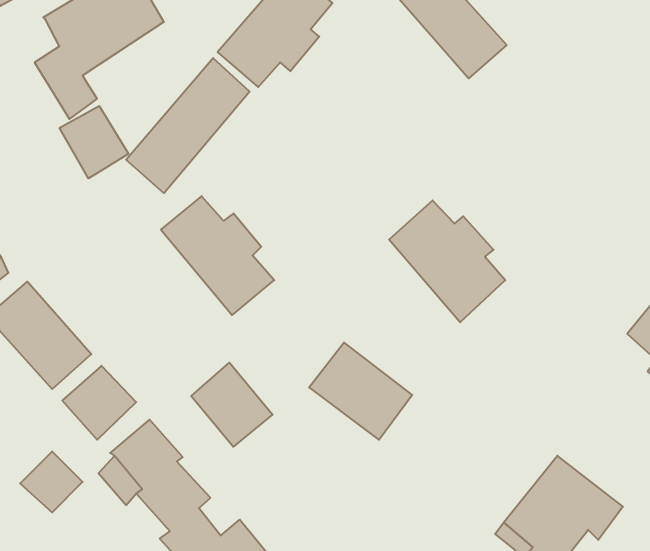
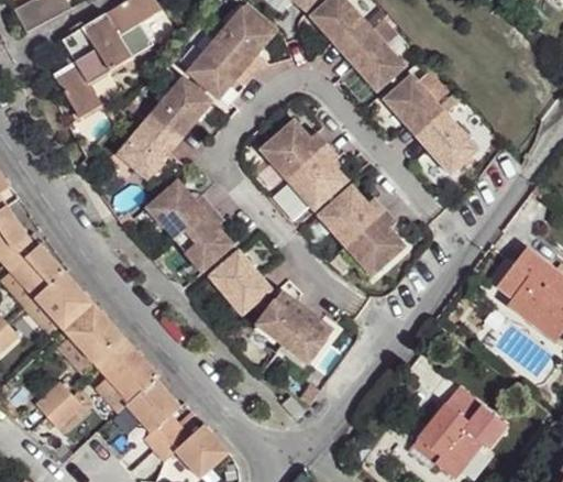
building: none -> [383,73,479,174]
building: [60,106,128,178] -> none
building: none -> [257,116,346,208]
building: [191,363,273,447] -> [209,250,271,314]

